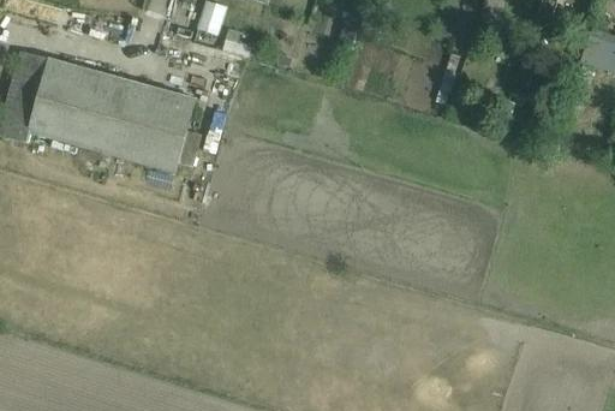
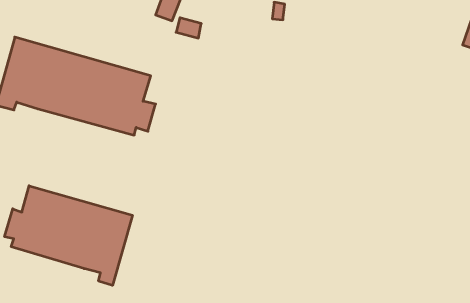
building: none -> [5,186,132,285]

